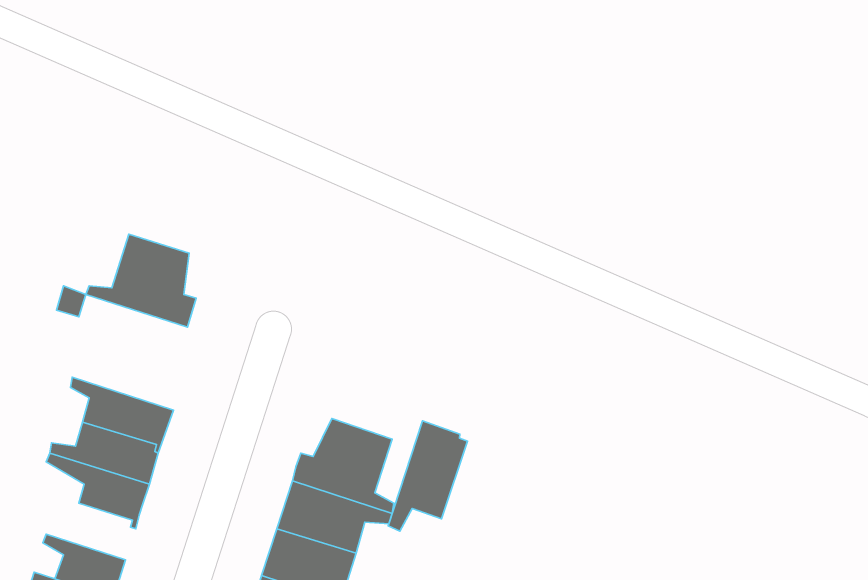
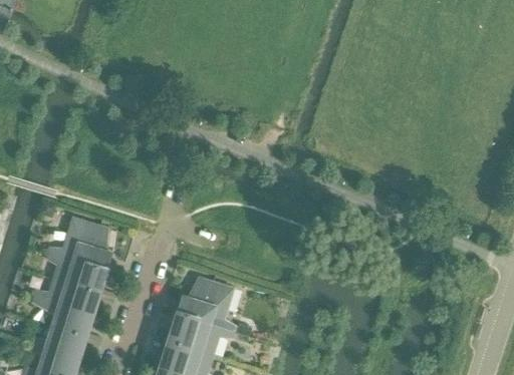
building: [86,234,196,327] -> [48,218,112,272]
building: [388,421,468,531] -> none
building: none -> [33,326,85,359]

